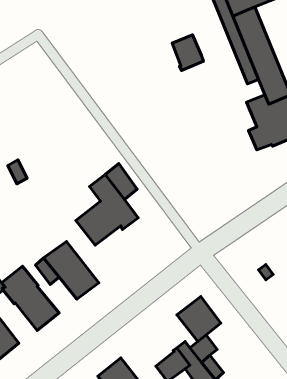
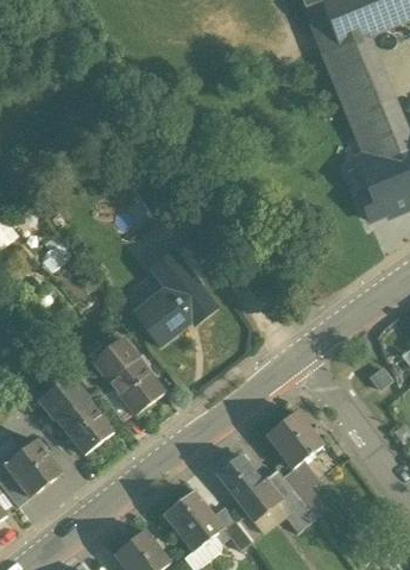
building: [172,35,204,71] -> none
building: none -> [215,455,261,501]

